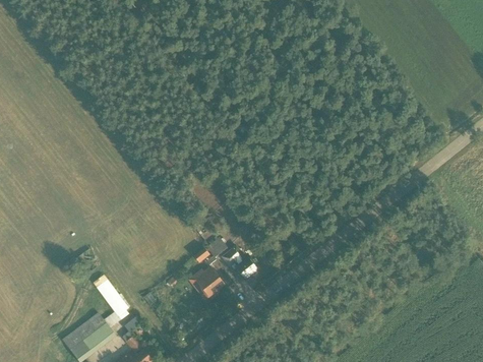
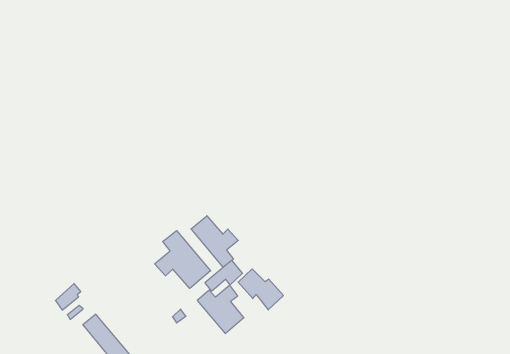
building: none -> [191,216,238,267]
building: none -> [155,231,211,288]

